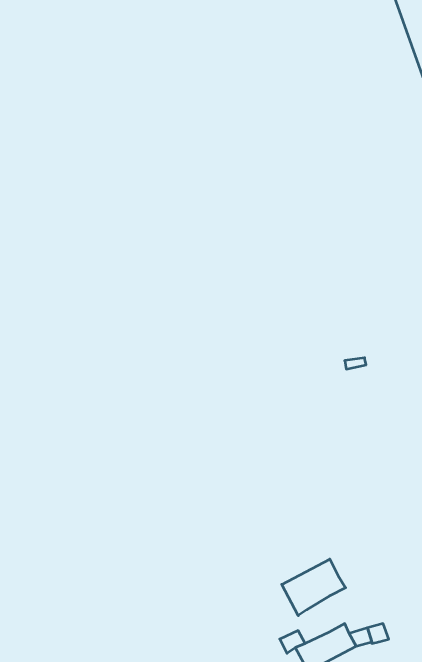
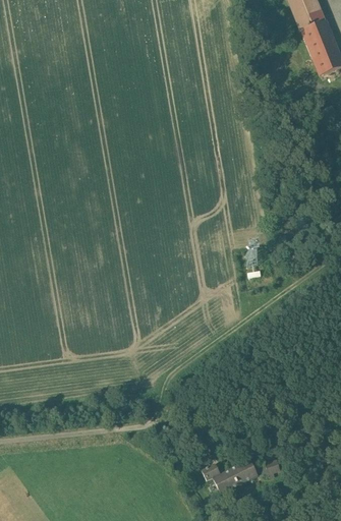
building: [282,559,346,616] -> none

